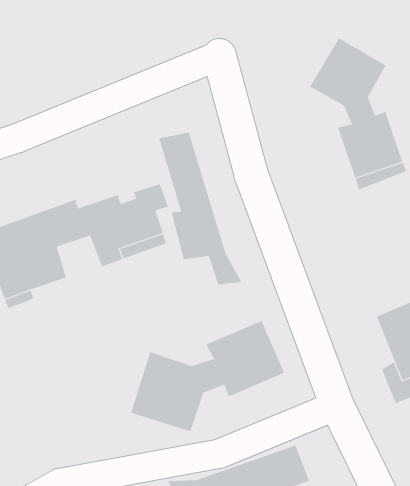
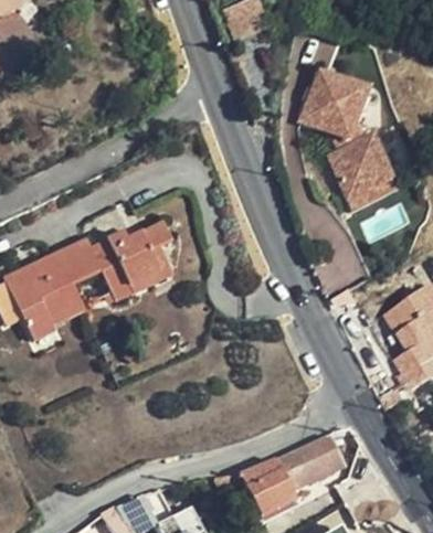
building: [159,132,242,285] -> none
building: [131,320,285,432] -> none

